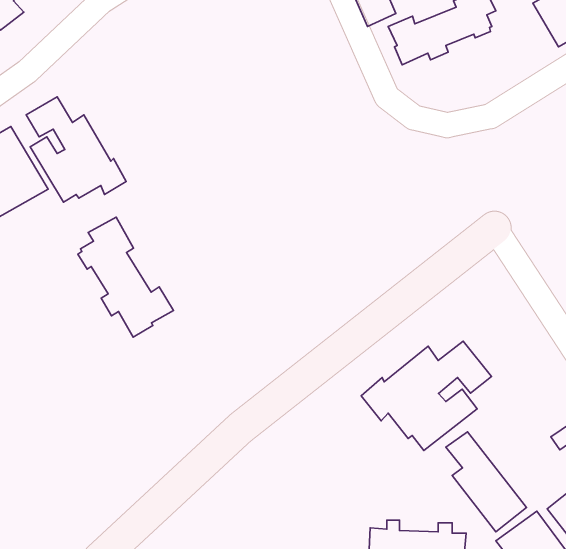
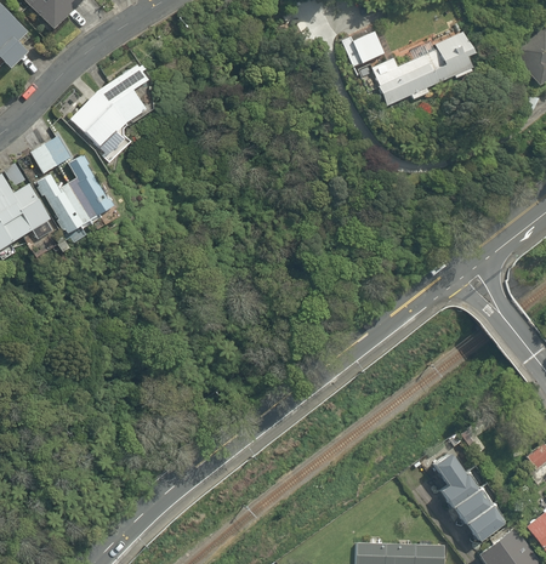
building: none -> [64,63,152,163]
building: [78,217,173,337] -> none
building: [361,341,491,450] -> none

